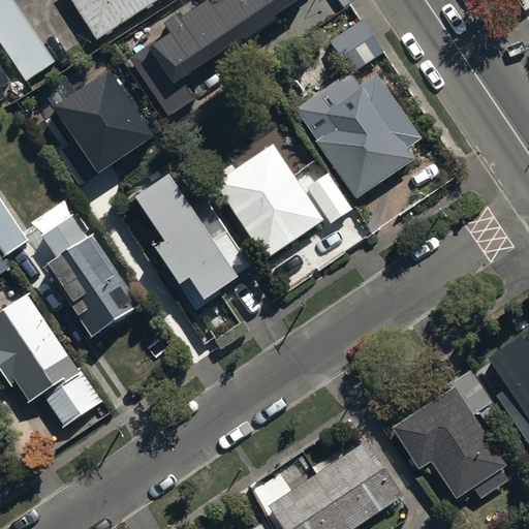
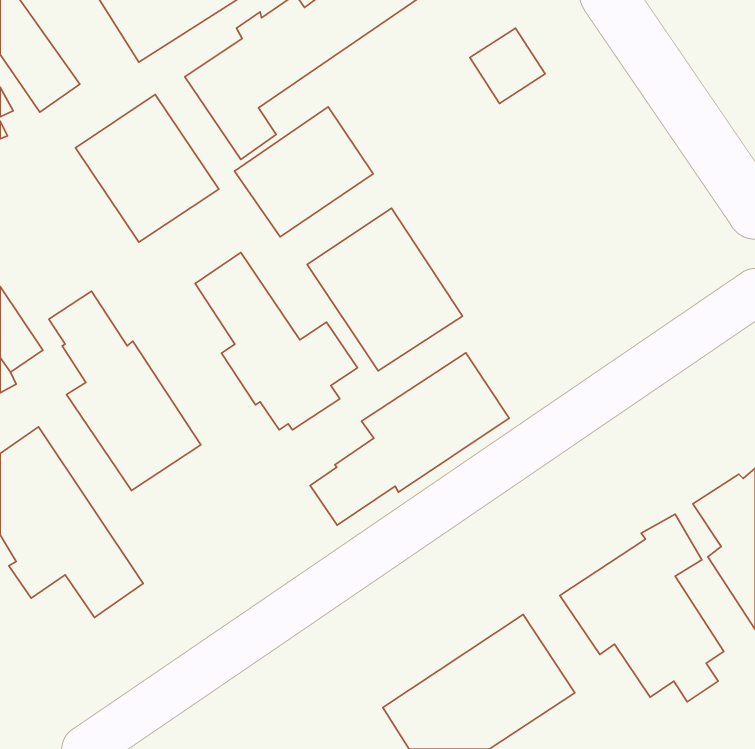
building: none -> [235,107,373,237]
building: [316,80,418,206] -> none
building: none -> [310,353,509,525]

